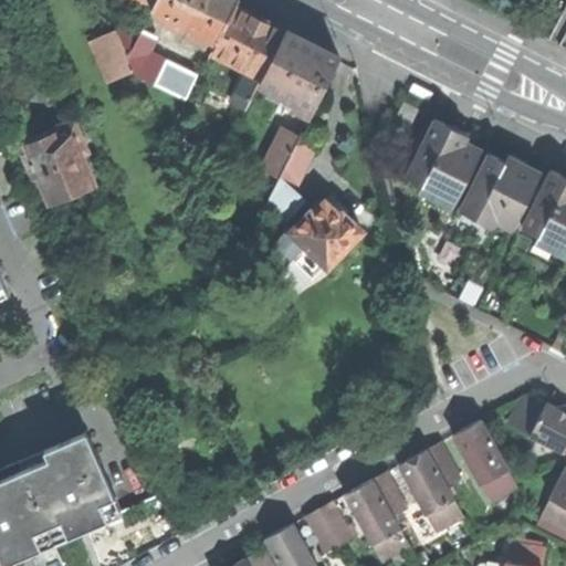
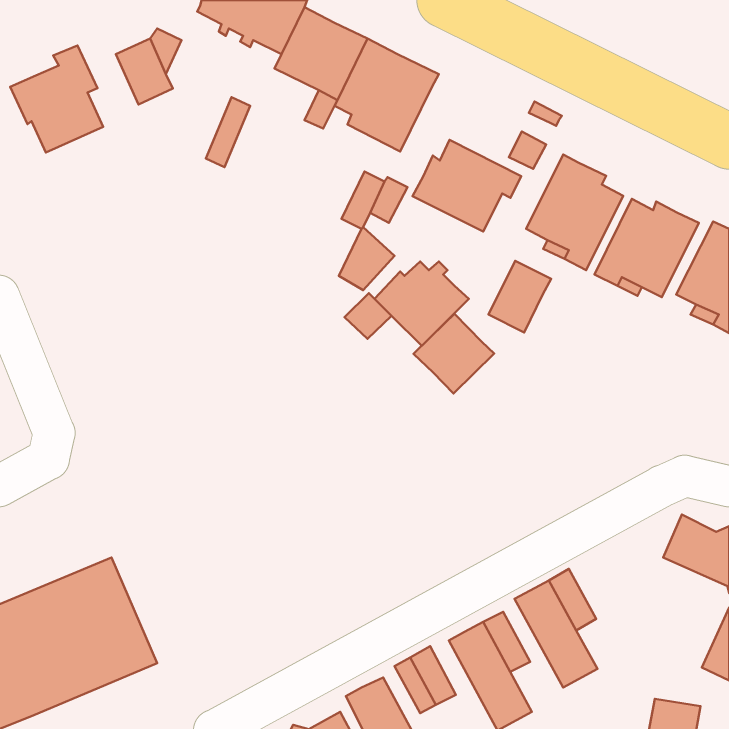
building: [128,30,161,85] -> none
building: none -> [413,140,521,231]
building: [21,119,93,202] -> [10,45,103,153]
building: none -> [488,261,551,333]
building: none -> [414,314,494,394]
building: [452,420,517,504] -> none

